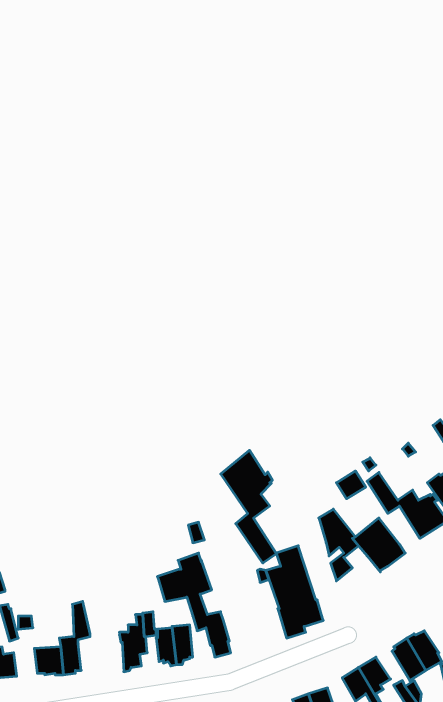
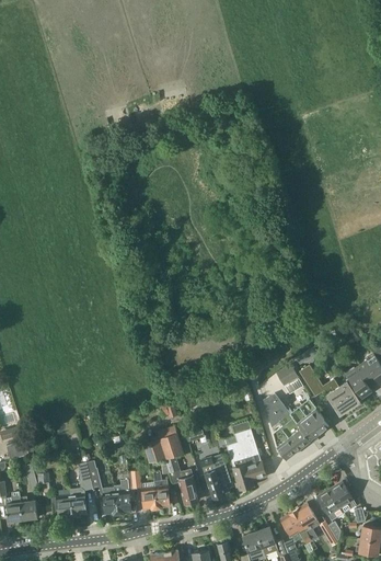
building: [221,450,276,563] -> none
building: none -> [276,421,309,459]
building: none -> [199,457,230,499]
building: none -> [86,460,117,515]

